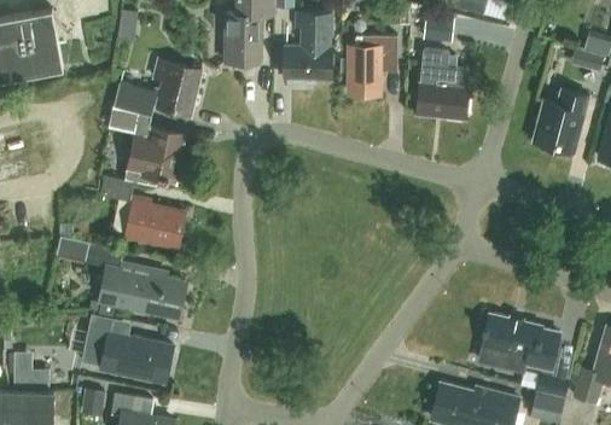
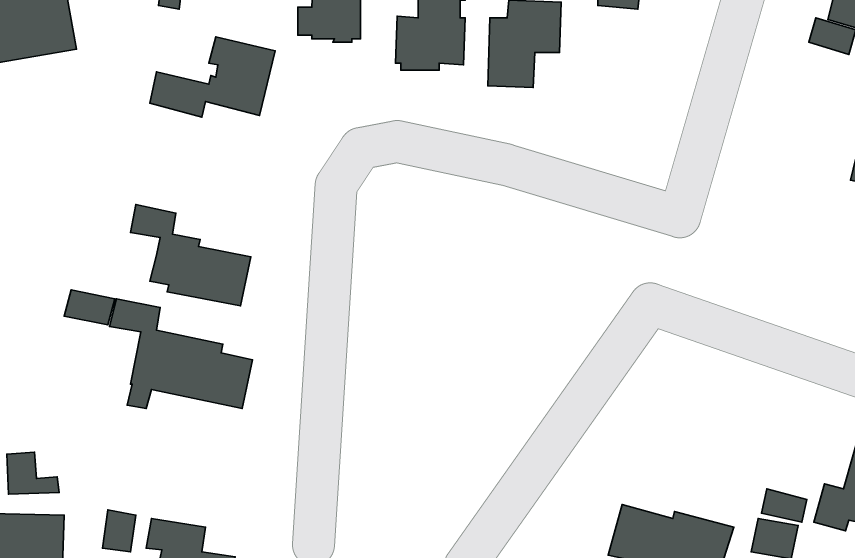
building: [418,50,470,118] -> none
building: [531,88,588,152] -> none
building: [109,106,186,185] -> none
building: [80,314,171,382] -> none
building: [479,315,559,372] -> none

